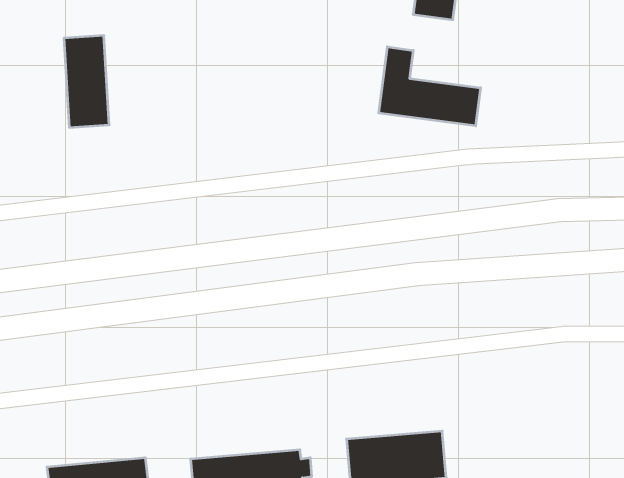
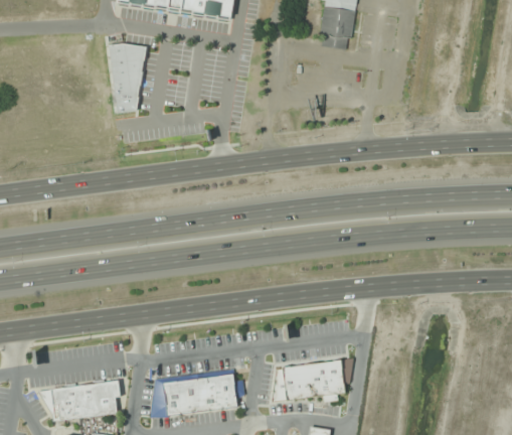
building: [64,36,109,127] -> [110,43,144,113]
building: [379,47,481,126] -> none

